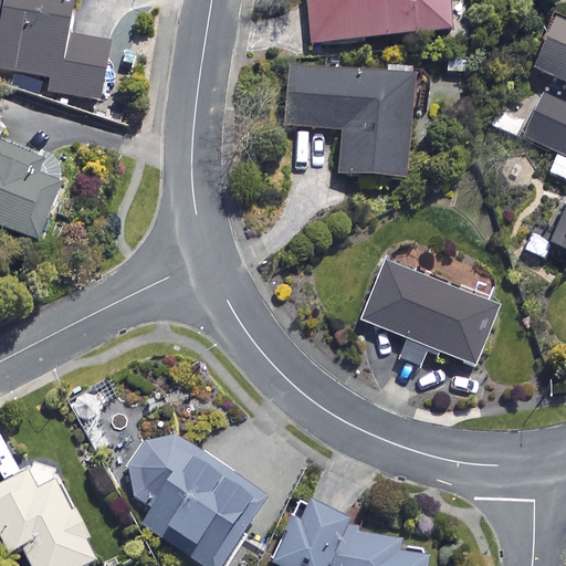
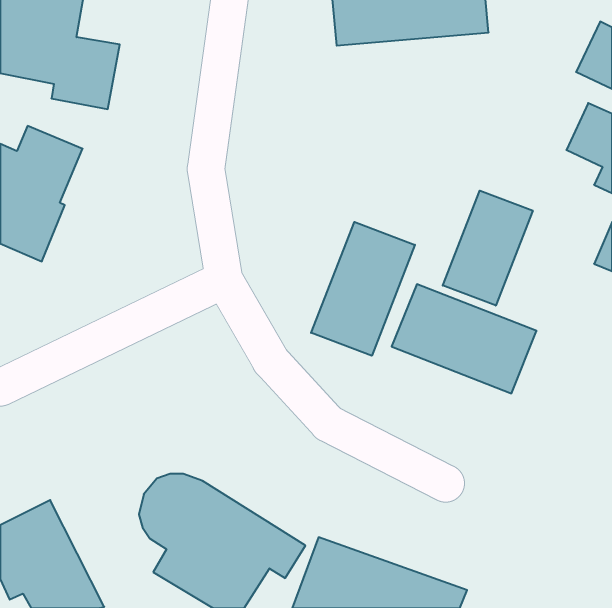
building: [284,66,411,176] -> none
building: none -> [443,191,533,306]
building: none -> [311,222,415,356]

